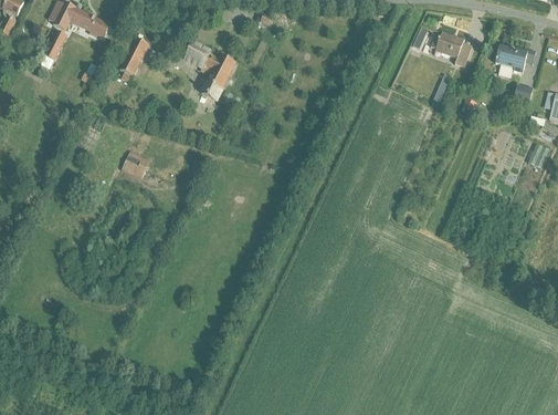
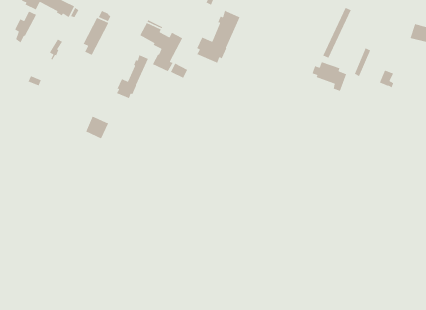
building: none -> [196,10,242,64]
building: [431,31,472,66] -> [312,61,347,92]
building: none -> [116,54,150,99]

